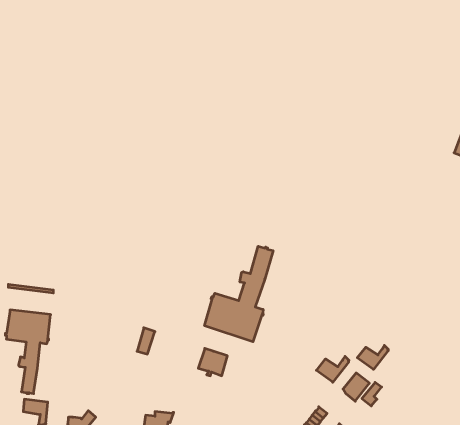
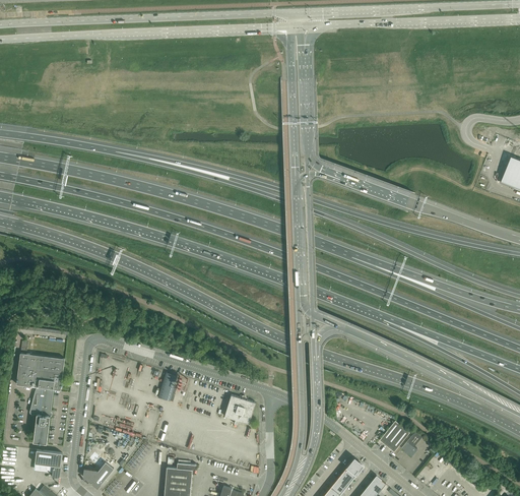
building: [205,246,273,342] -> none
building: [357,345,388,369] -> none
building: [316,356,349,382] -> none

